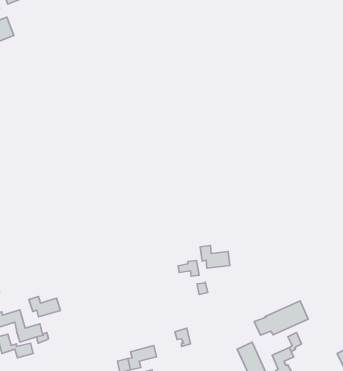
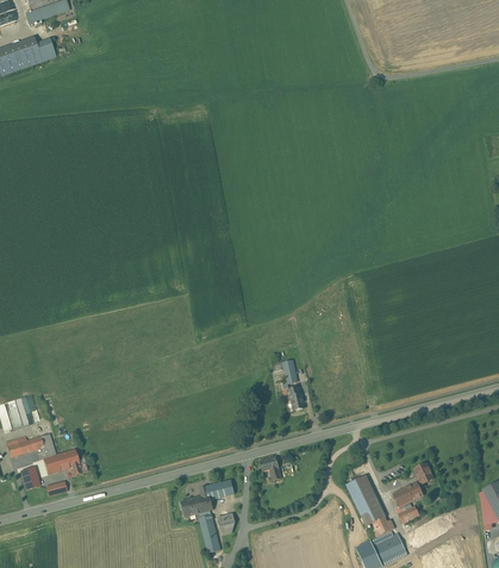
building: [200,246,230,268] -> none
building: [29,297,61,317] -> none
building: [254,301,308,335] -> none

